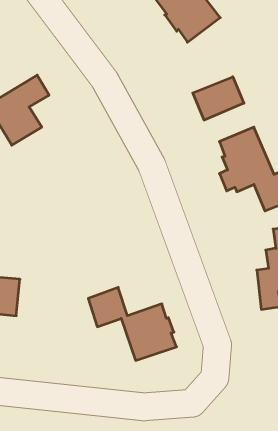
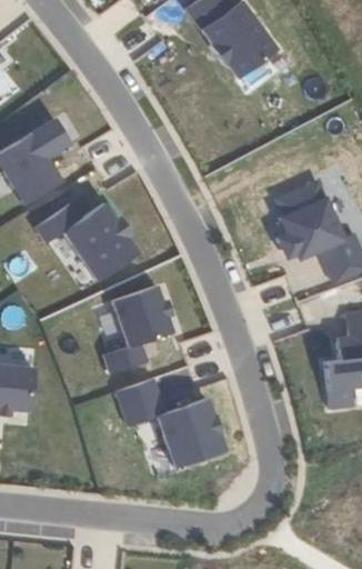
building: [193,77,244,120] -> none
building: none -> [37,203,139,282]
building: none -> [104,287,172,375]

